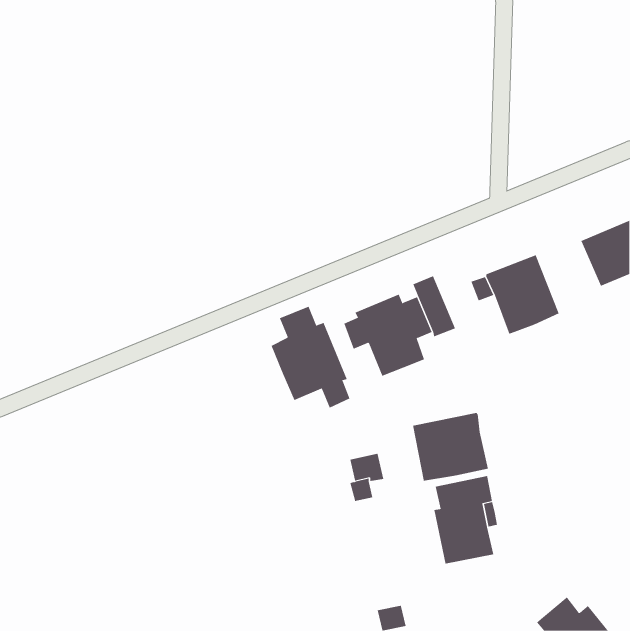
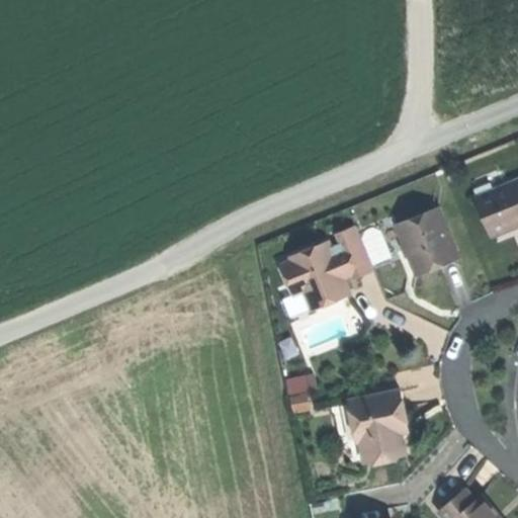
building: [271,306,350,408] -> none
building: [412,412,489,481] -> none

